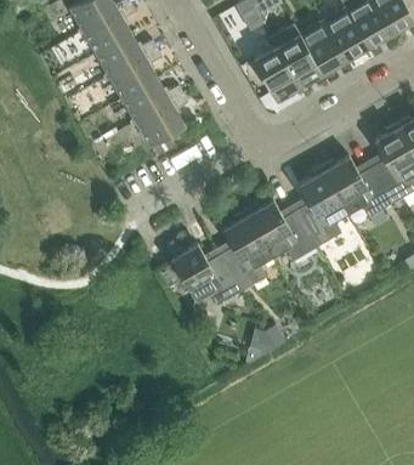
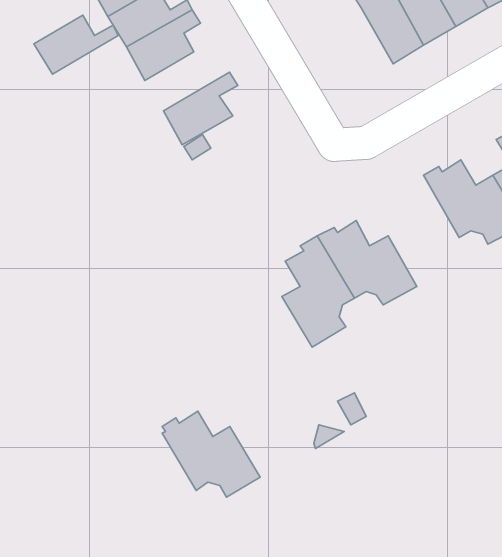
building: [254,47,300,101] -> none
building: [121,79,182,121] -> [34,15,118,74]
building: [296,168,347,248] -> none
building: [171,244,242,306] -> [162,411,260,497]

